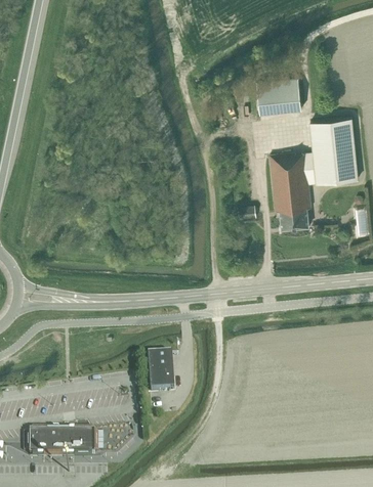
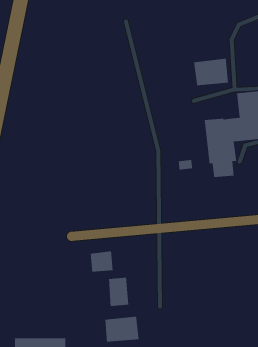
building: none -> [90,251,114,273]
building: none -> [105,316,139,343]

